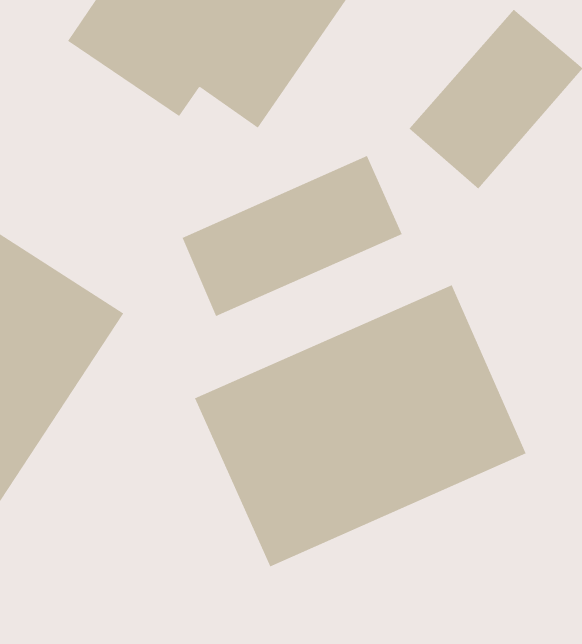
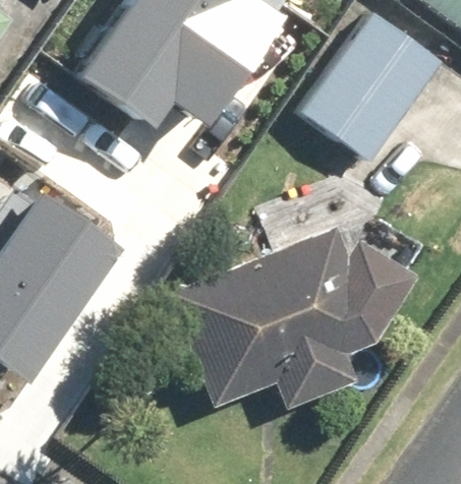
building: [182,155,403,317] -> none

